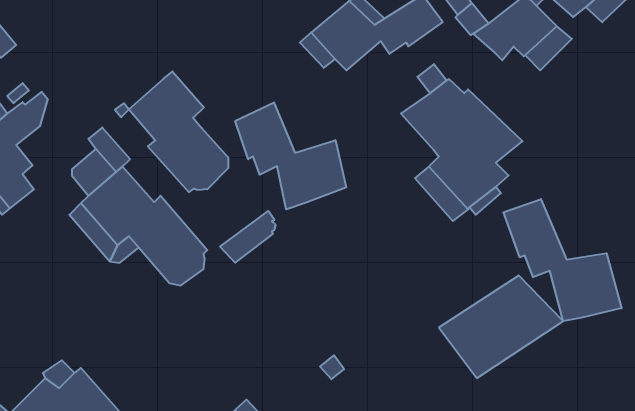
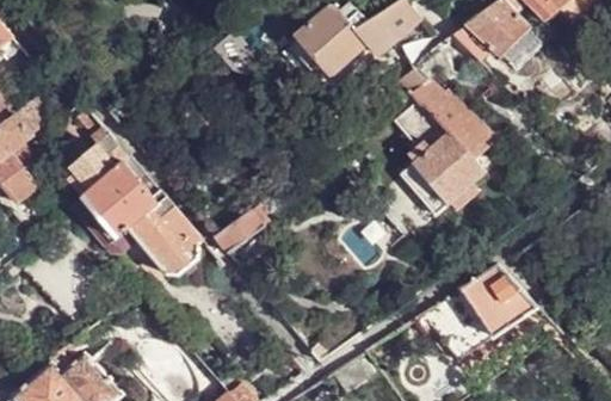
building: [129,71,228,192] -> none
building: [235,102,346,209] -> none
building: [503,199,622,321] -> none

